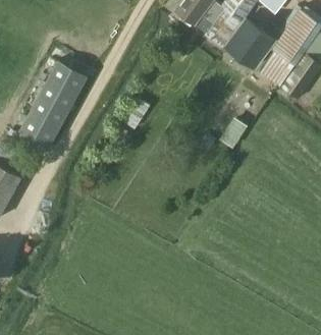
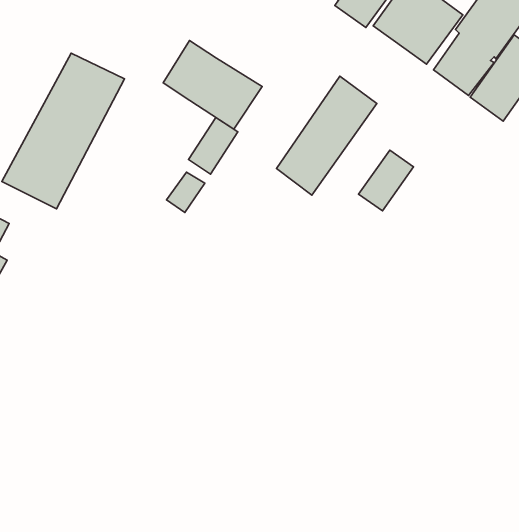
building: none -> [163,41,262,129]
building: none -> [277,76,377,195]

